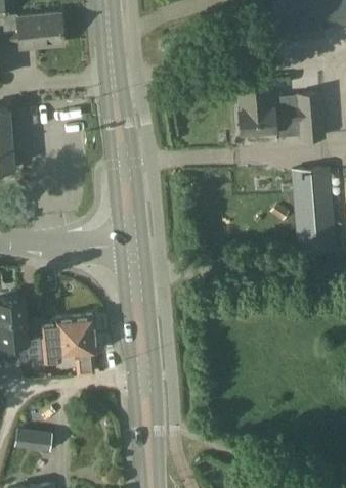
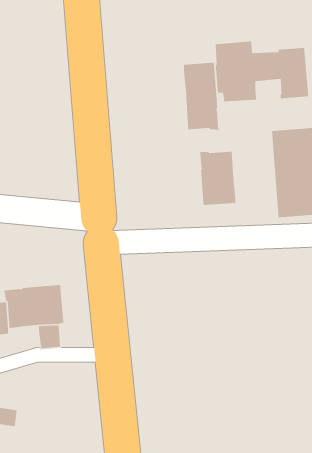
building: none -> [183,62,220,130]
building: none -> [199,151,236,206]

